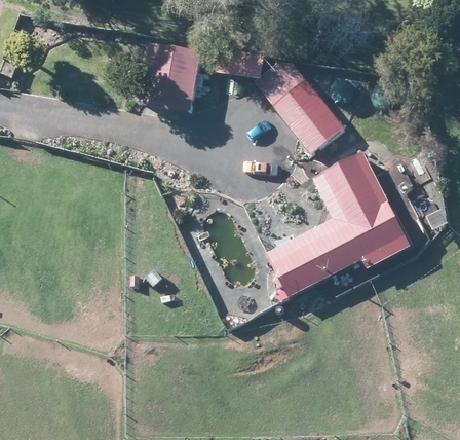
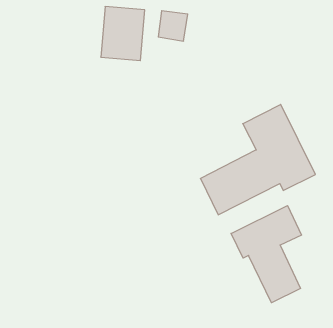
building: [262,63,347,151] -> none
building: none -> [231,206,301,303]

